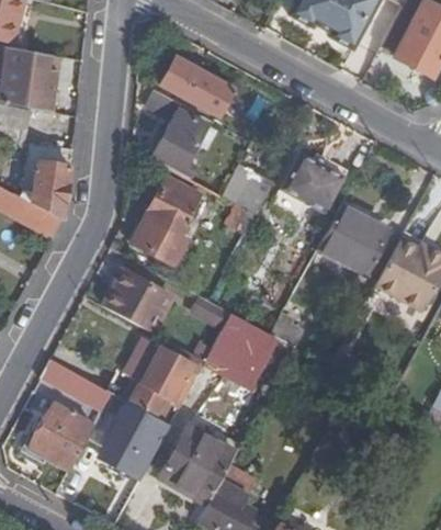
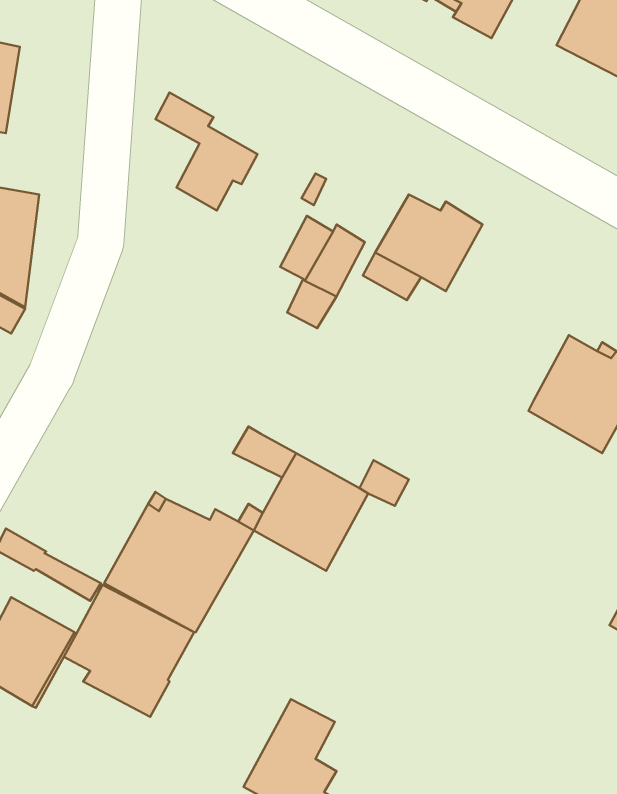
building: [160,56,234,114] -> none
building: [132,177,201,266] -> none
building: [318,202,403,279] -> none
building: [104,270,171,330] -> none
building: [161,427,235,503] -> none

